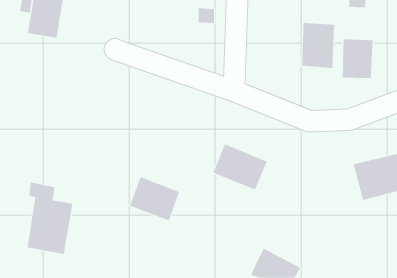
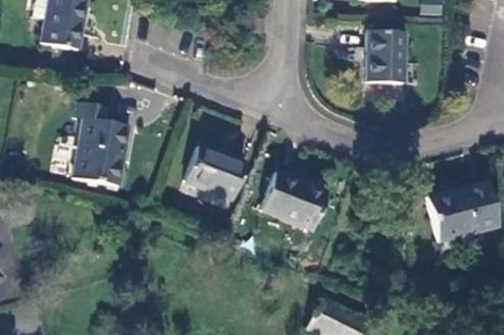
building: [342,38,373,79] -> none
building: [129,176,180,221] -> [185,145,245,198]
building: [27,182,73,254] -> [74,100,130,185]

